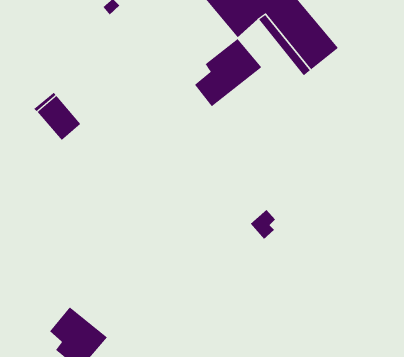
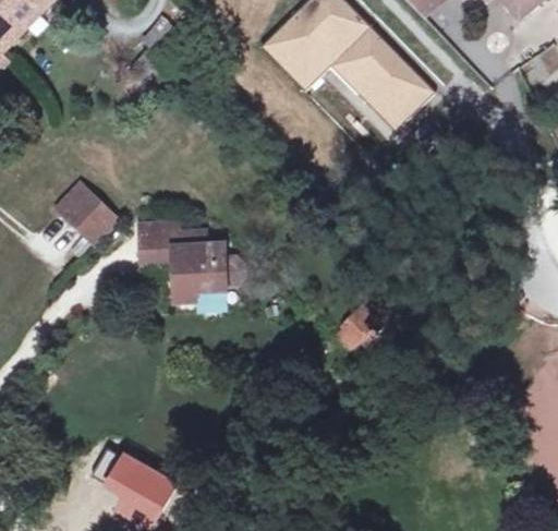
building: [194,38,262,107] -> none
building: none -> [140,220,244,301]

